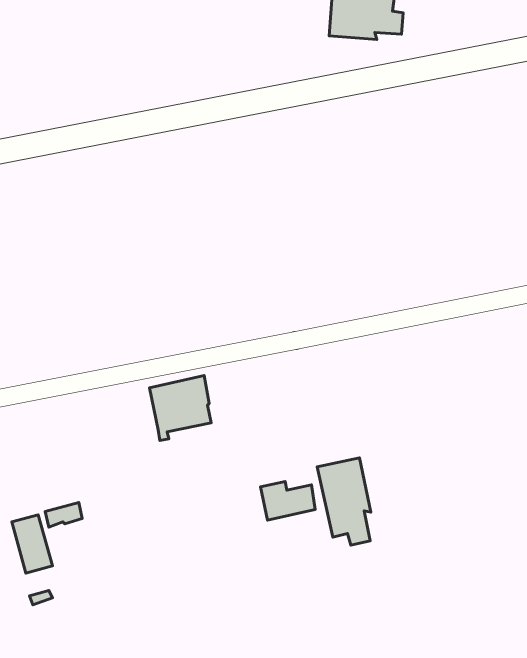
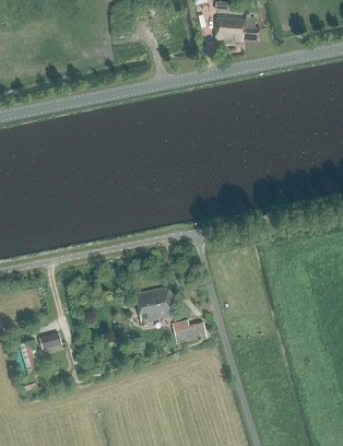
building: [149,375,211,441] -> [134,285,173,326]
building: [317,458,371,545] -> none

